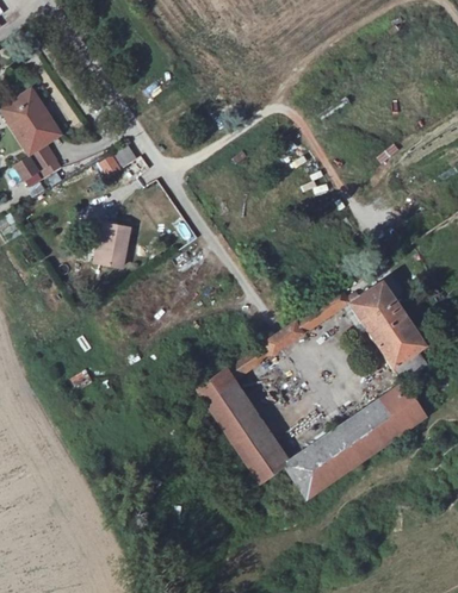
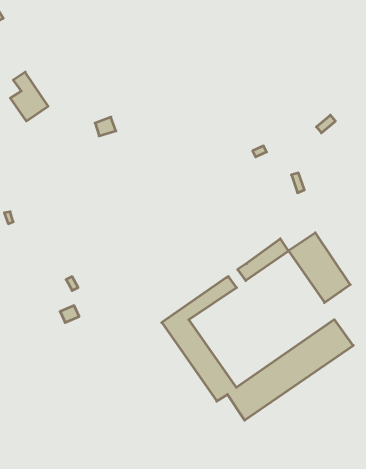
building: [17,143,66,187] -> none
building: [106,224,140,270] -> none

